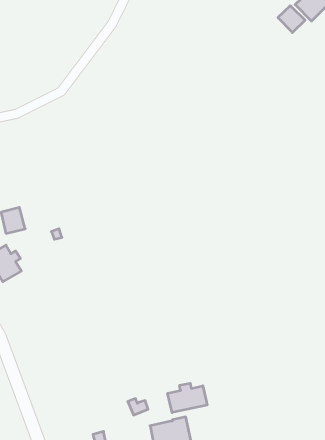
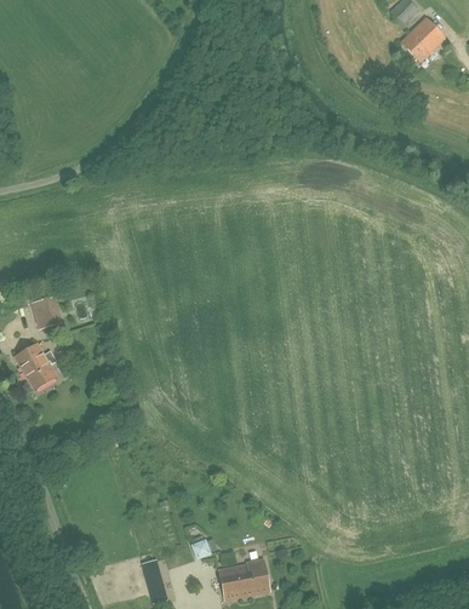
building: [278,6,305,33] -> none
building: [168,383,207,413] -> none

